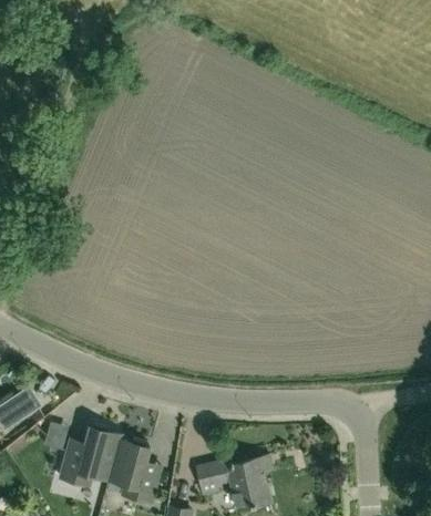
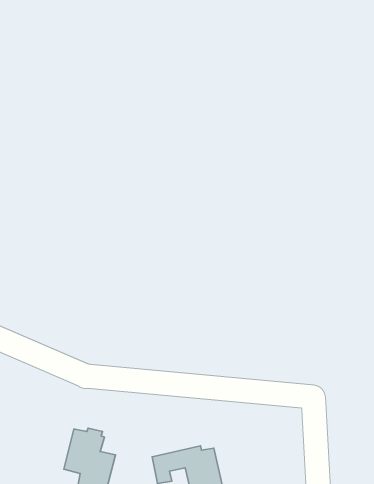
building: [61,424,121,486] -> none

